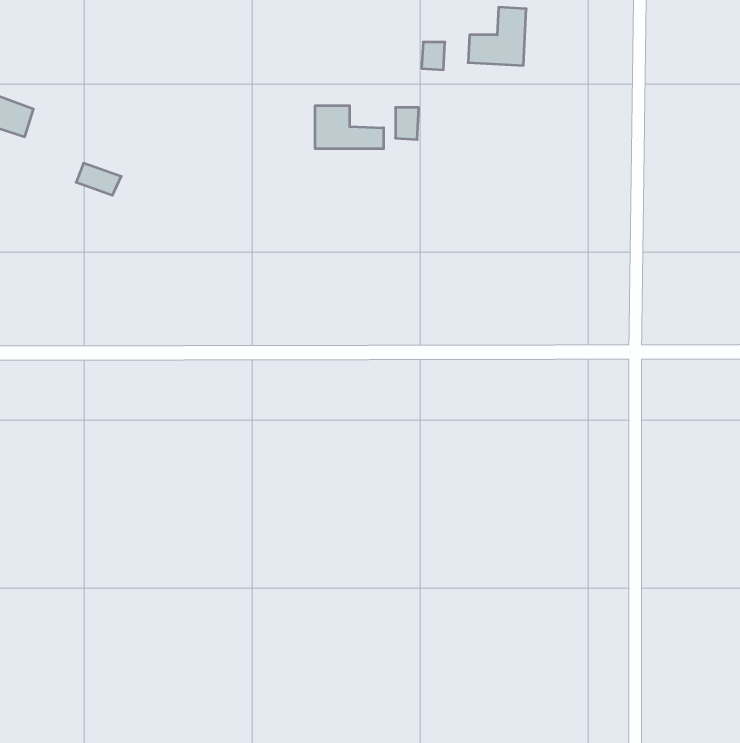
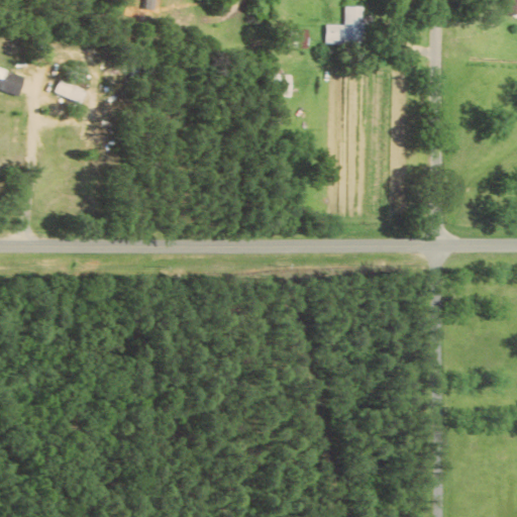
building: [315,106,384,149] -> none
building: [76,163,121,195] -> [51,80,83,102]

